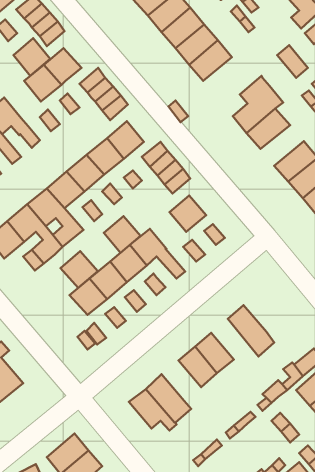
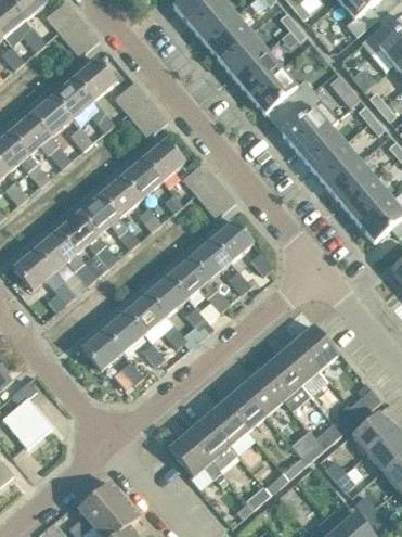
building: [13,38,50,76] -> [31,94,72,136]
building: none -> [249,68,313,113]
building: none -> [312,143,360,188]
building: [104,216,140,253] -> [191,239,231,279]
building: [60,251,98,288] -> [81,330,122,370]
building: none -> [294,325,337,370]
building: none -> [258,356,310,411]
building: none -> [204,401,247,446]

